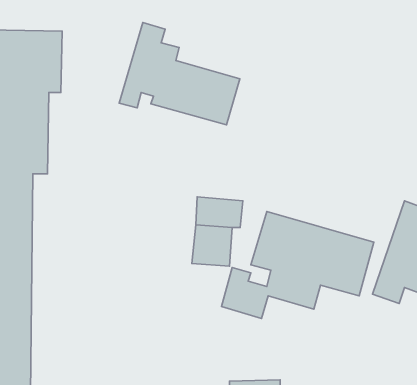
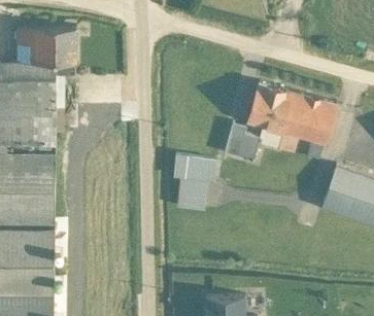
building: [119,23,240,125] -> none
building: [221,212,374,318] -> [222,79,339,162]

